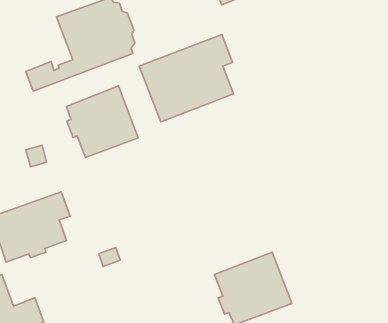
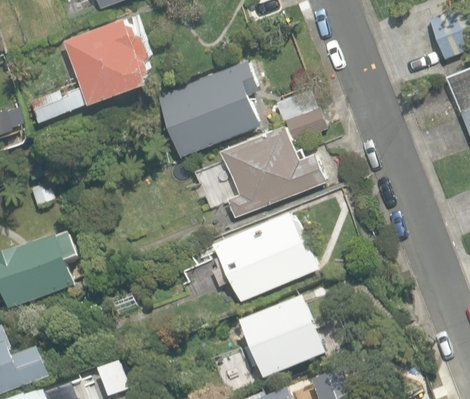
building: none -> [221,88,327,217]
building: [66,86,138,158] -> none
building: none -> [212,209,319,301]

